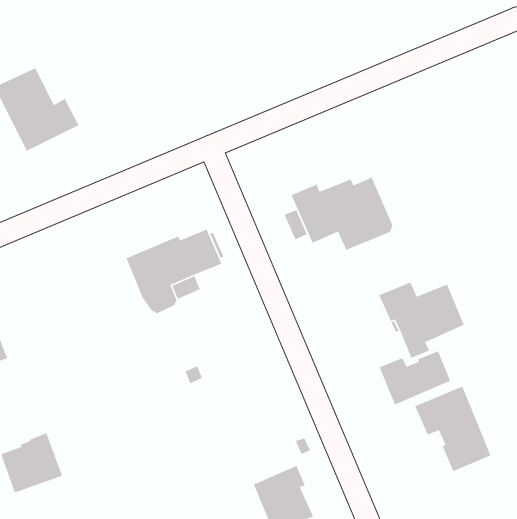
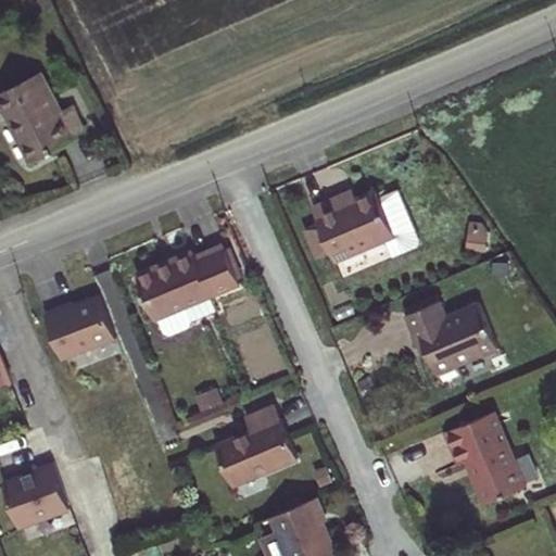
building: none -> [43,294,115,358]
building: [378,350,451,405] -> none
building: none -> [214,405,296,486]

